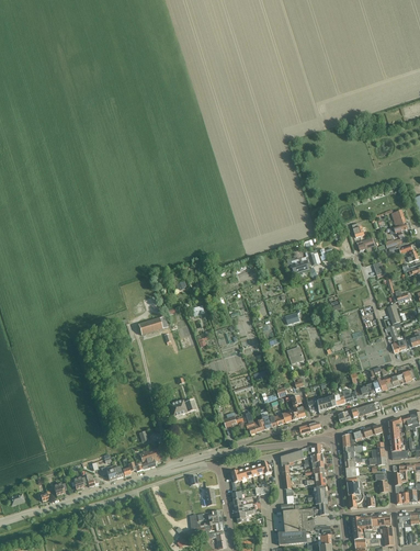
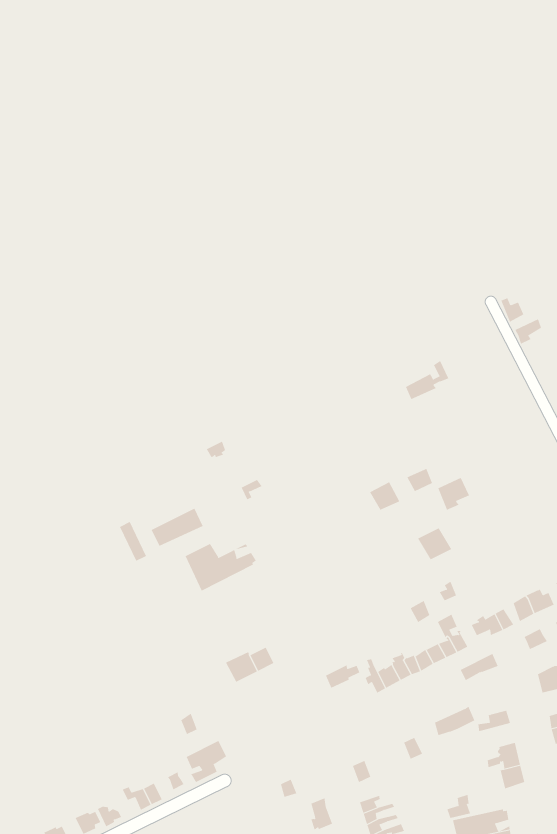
building: none -> [185,543,257,592]

